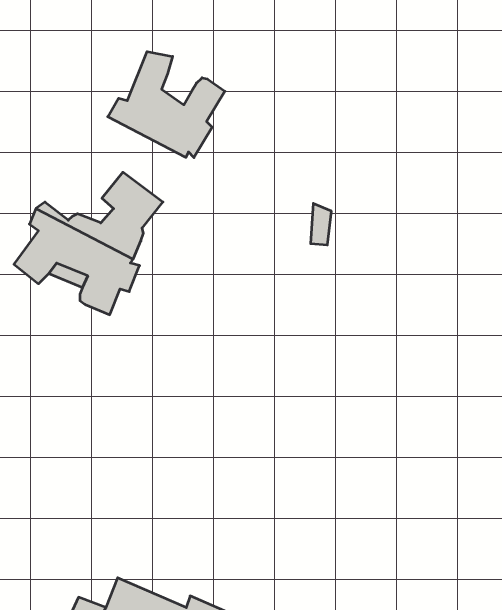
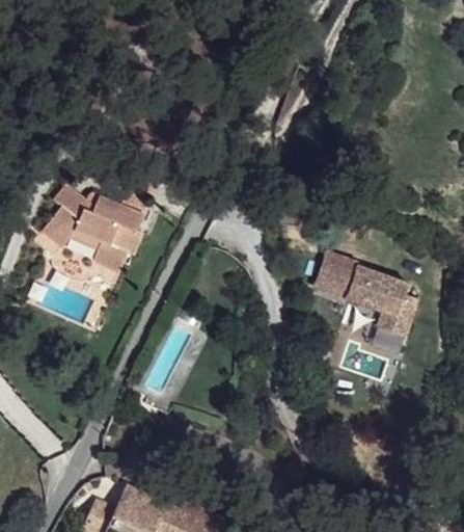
building: [108,52,225,158] -> none
building: none -> [313,255,418,339]

